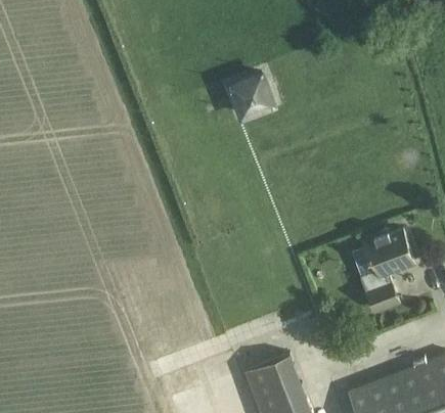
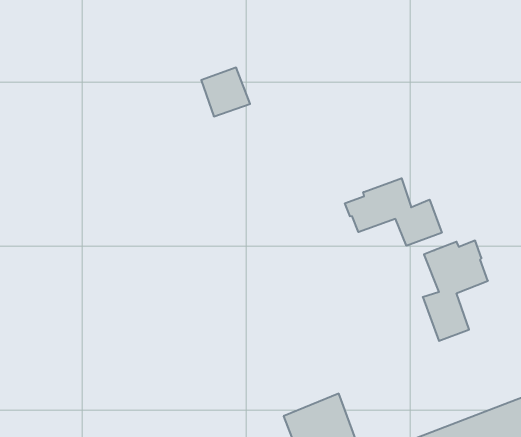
building: [229,74,269,113] -> [201,68,250,116]
building: none -> [345,178,442,246]

